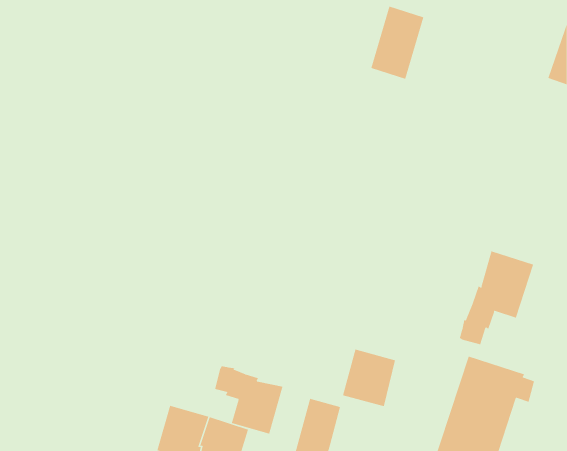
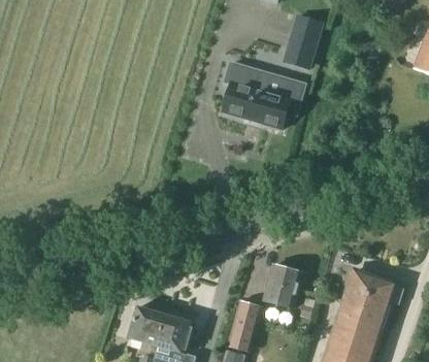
building: none -> [223,63,305,129]
building: [459,250,534,345] -> none
building: [215,365,283,435] -> none

